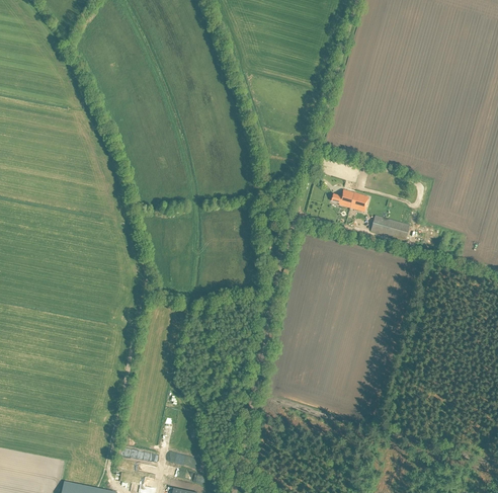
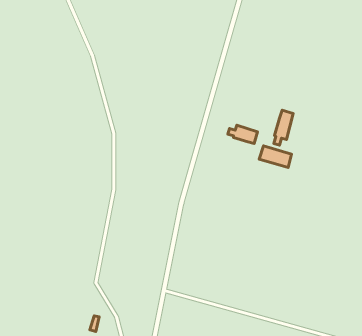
building: none -> [274,110,293,145]

